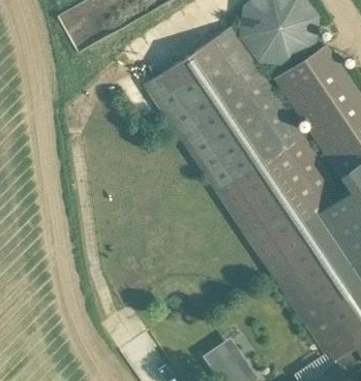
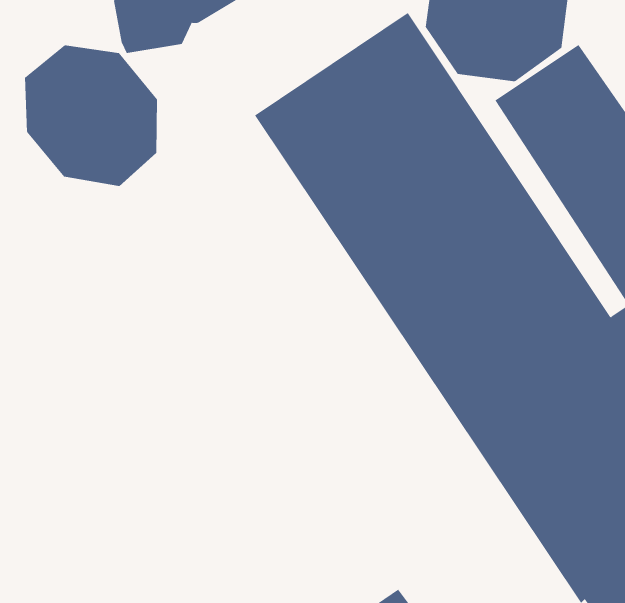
building: none -> [25,44,157,187]

